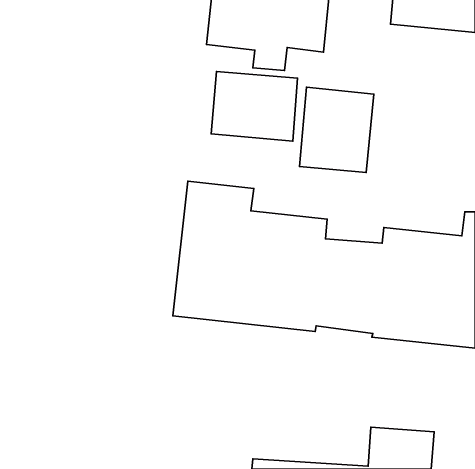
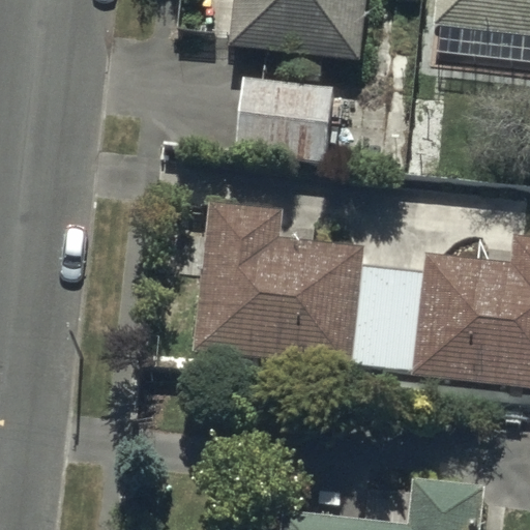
building: [300,87,374,172] -> none

